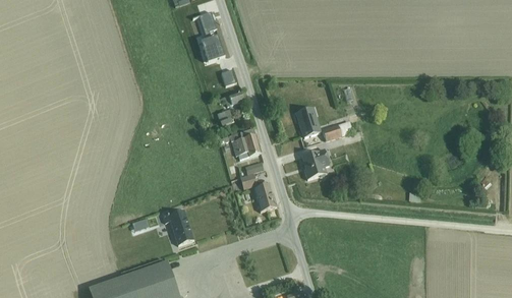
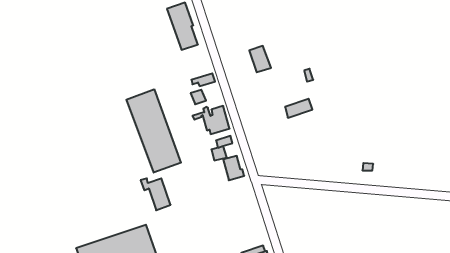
building: [296,106,321,135] -> [249,46,271,72]
building: none -> [126,89,181,173]
building: [302,148,330,178] -> none

